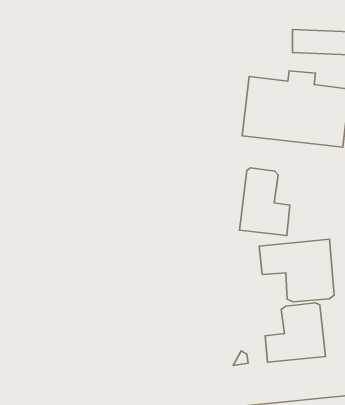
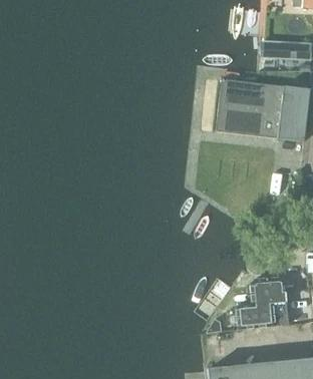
building: [239,168,290,236] -> none
building: [259,239,334,302] -> none

